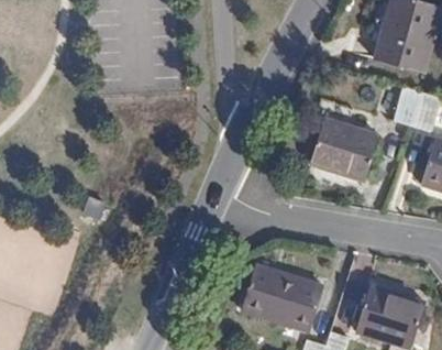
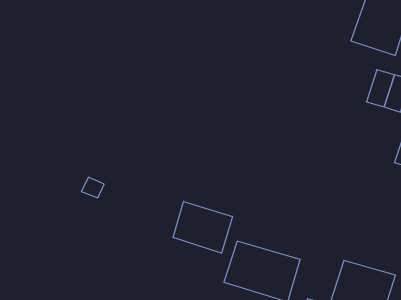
building: [310,107,379,183] -> none
building: none -> [173,201,232,253]

